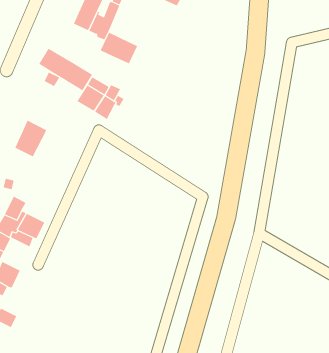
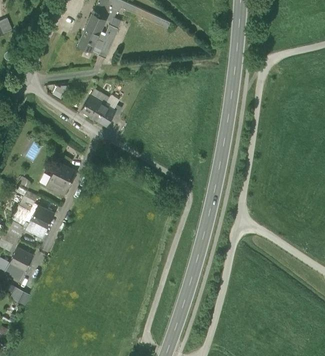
building: [100,32,138,64] -> none
building: [39,48,92,91] -> none
building: [14,120,47,157] -> [47,163,75,195]

